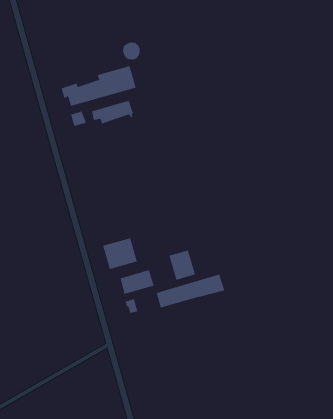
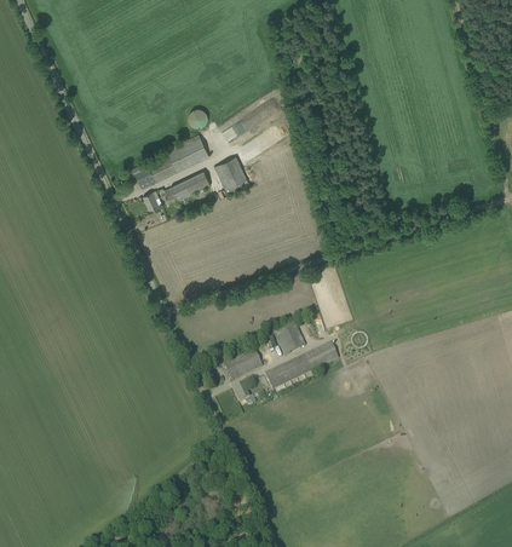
building: none -> [213,155,248,195]
building: [102,237,137,270] -> none

